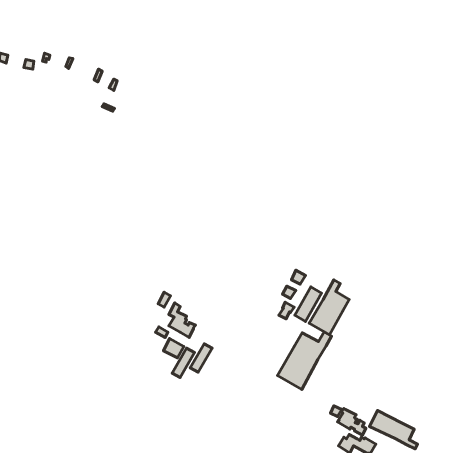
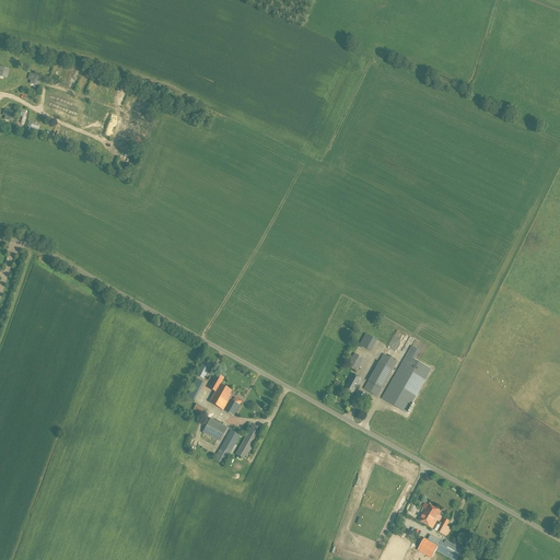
building: [277,332,332,389] -> none
building: [370,411,417,449] -> none

